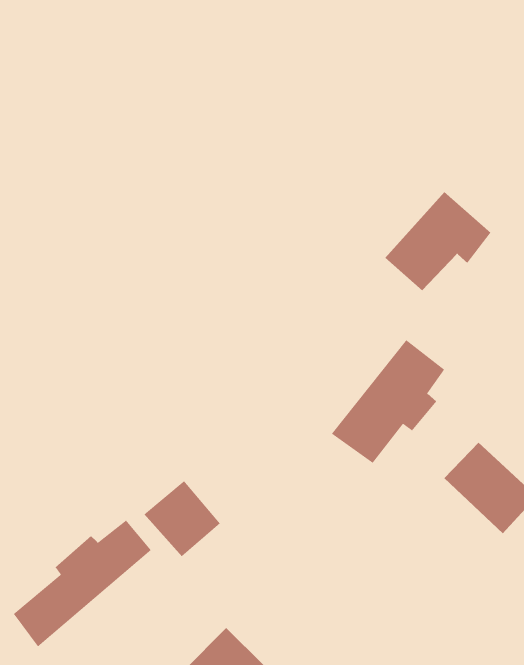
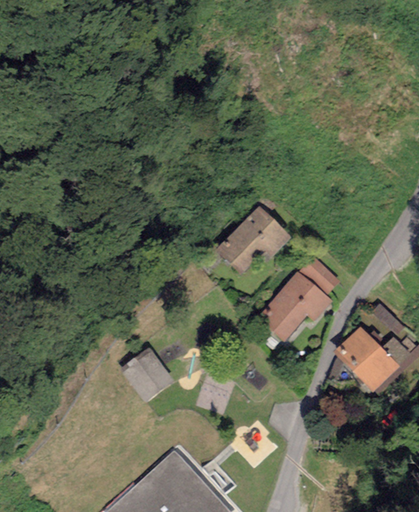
building: [385,191,491,291] -> [214,206,290,275]
building: [13,519,152,648] -> none

